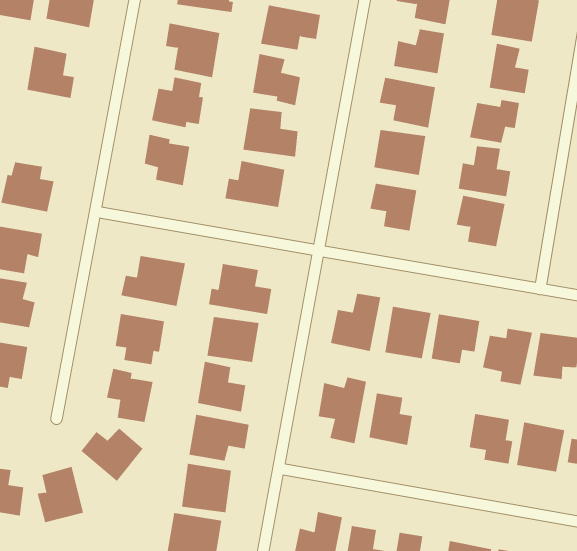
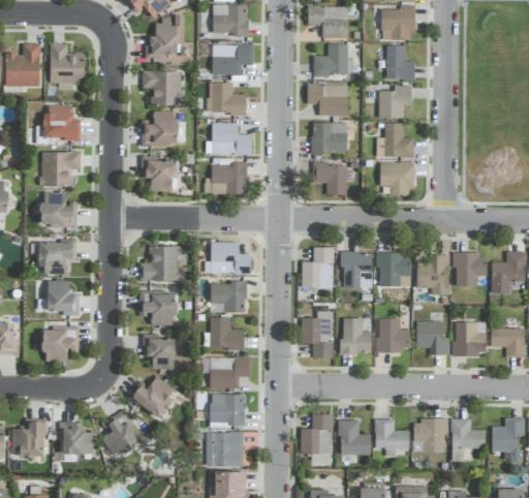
building: none -> [40,152,81,186]
building: none -> [377,318,409,351]

